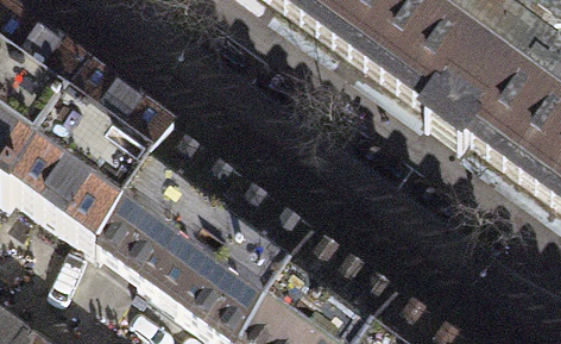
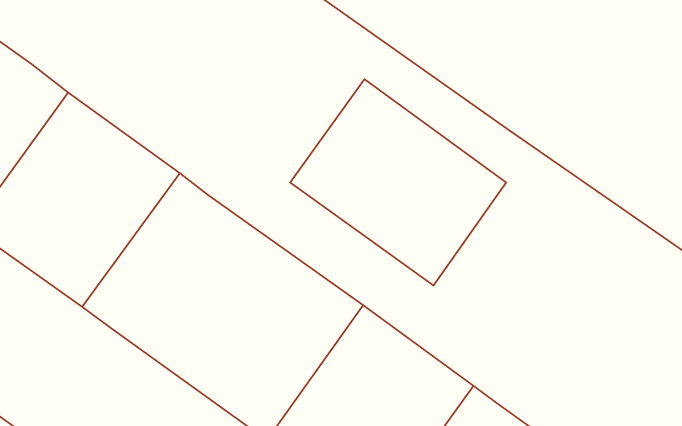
building: none -> [290,79,506,285]

